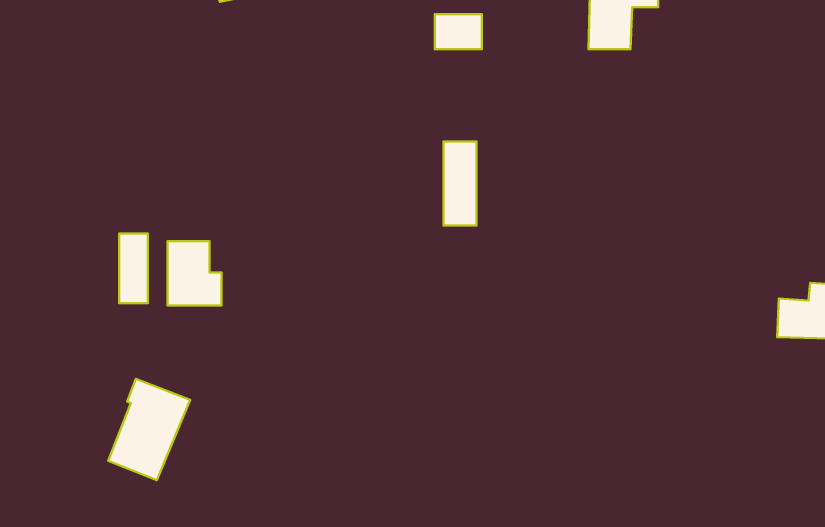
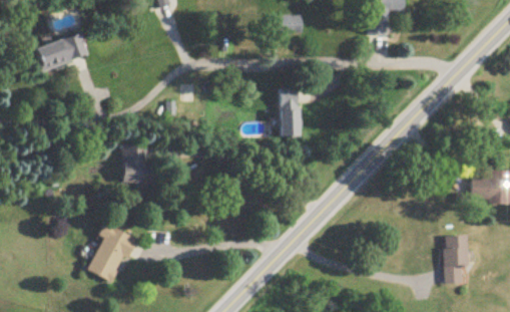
building: none -> [34,34,87,70]
building: [119,233,148,303] -> none
building: none -> [445,235,466,284]

